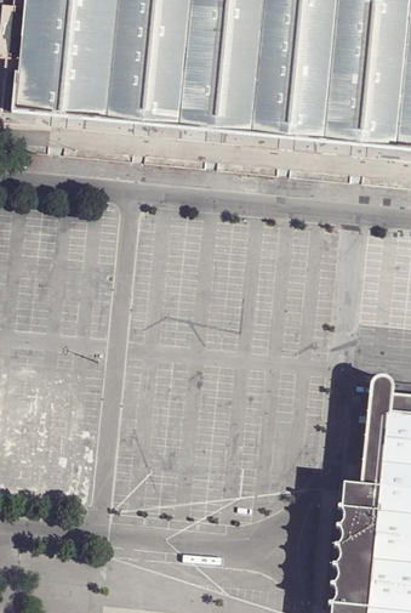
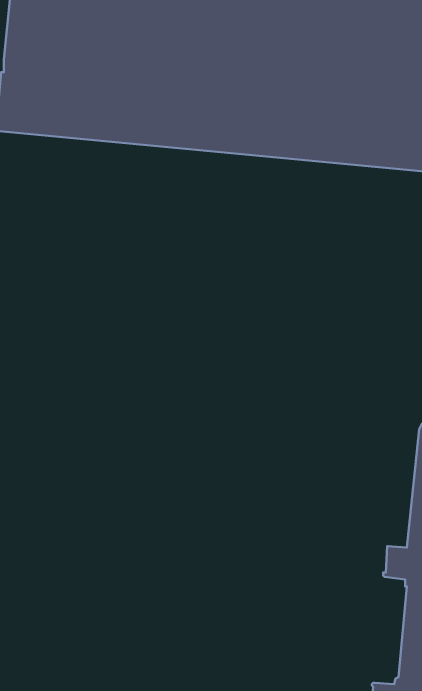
building: [337,505,365,598] -> none

